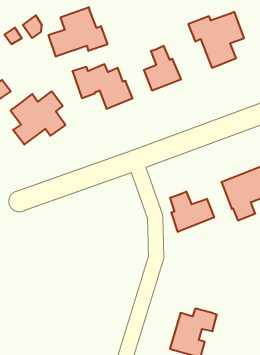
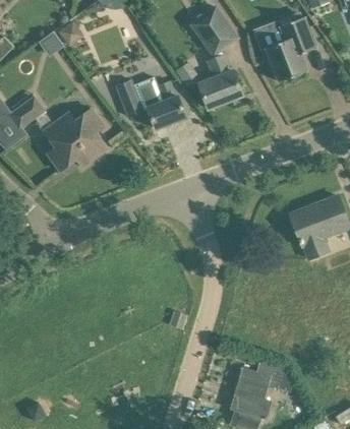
building: none -> [191,7,237,54]
building: [49,7,107,57] -> none
building: [170,191,214,232] -> none

